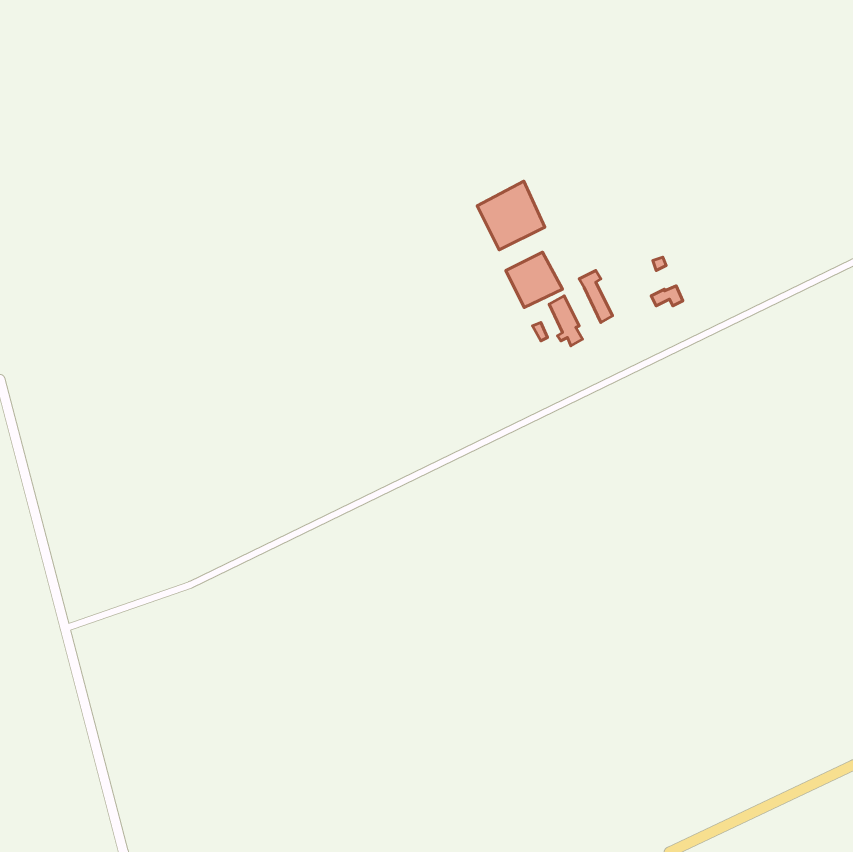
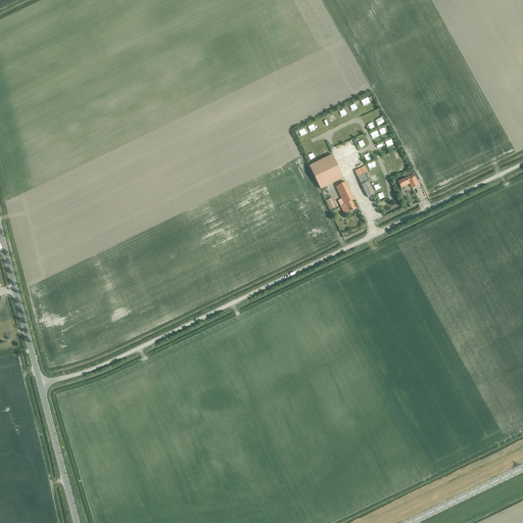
building: [477,181,545,250] -> none

